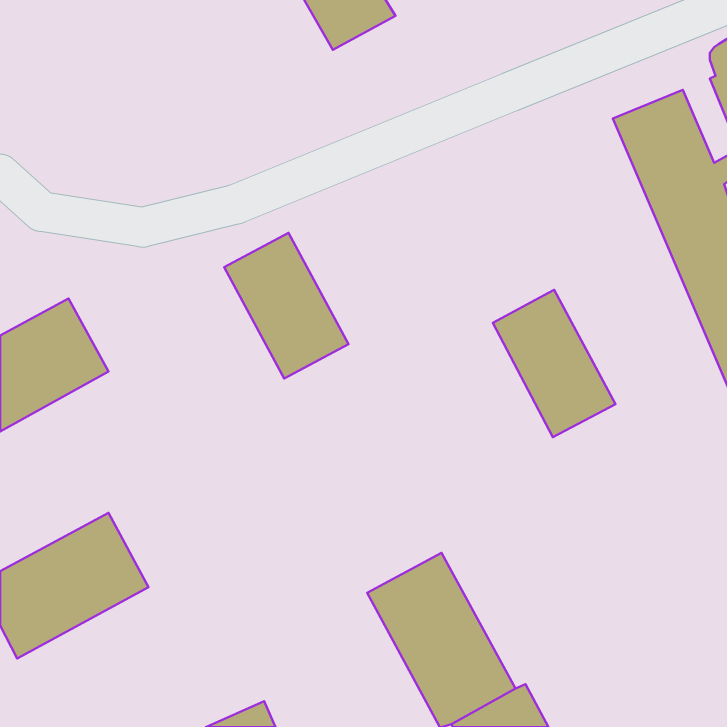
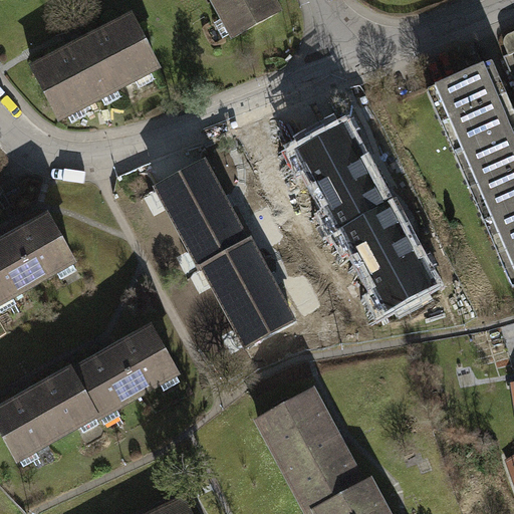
building: none -> [31,16,155,115]
building: none -> [301,127,388,229]
building: none -> [206,240,293,343]
building: none -> [78,319,180,413]

